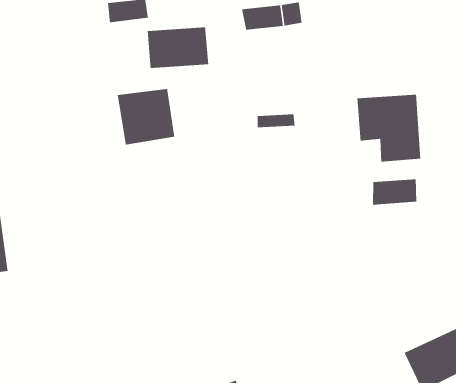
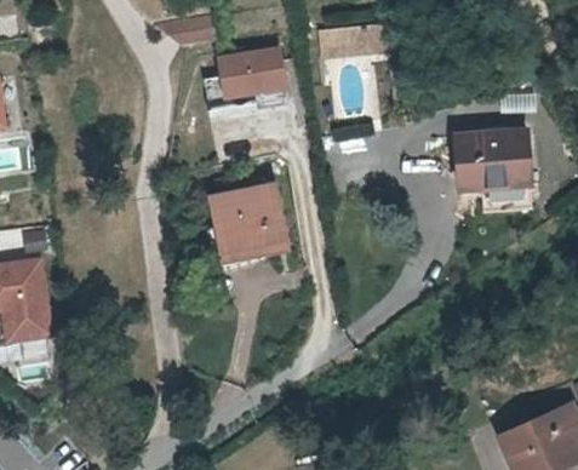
building: [117,88,175,145] -> [214,191,282,258]
building: [372,179,417,205] -> none

